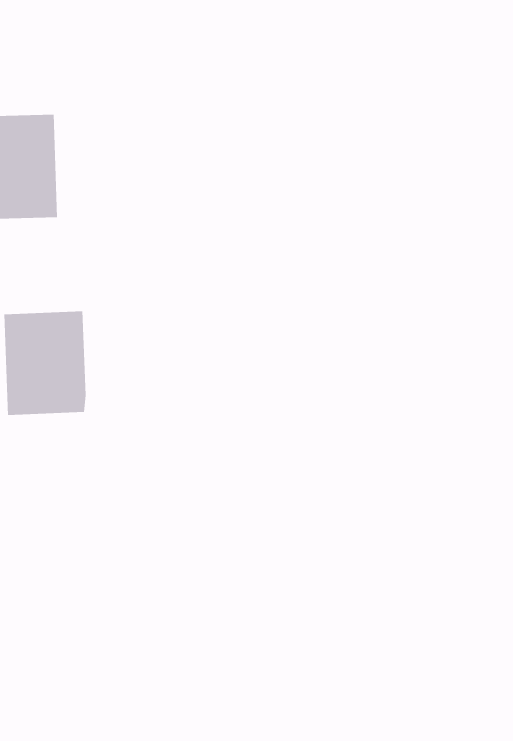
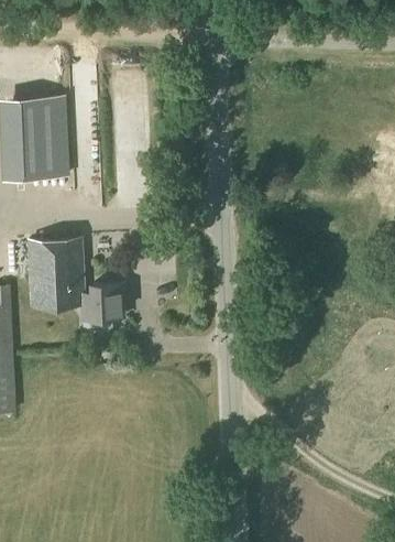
building: none -> [81,284,122,321]

